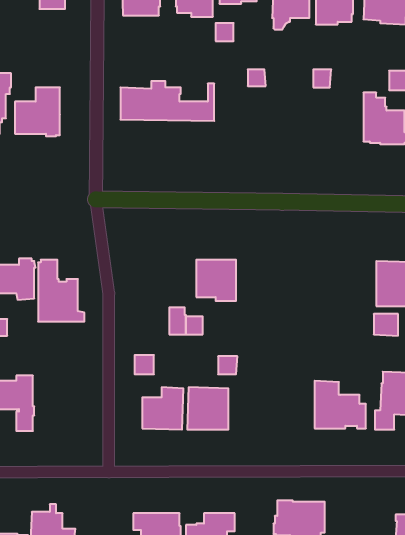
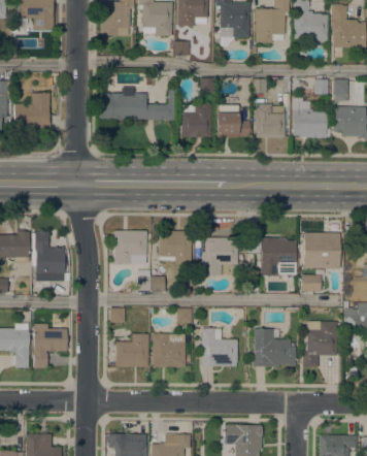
building: none -> [182,104,212,137]
building: none -> [256,104,286,138]
building: none -> [218,105,251,138]
building: none -> [114,230,147,264]
building: none -> [202,237,239,275]
building: none -> [247,238,296,275]
building: none -> [34,324,67,368]
building: none -> [202,328,238,366]

